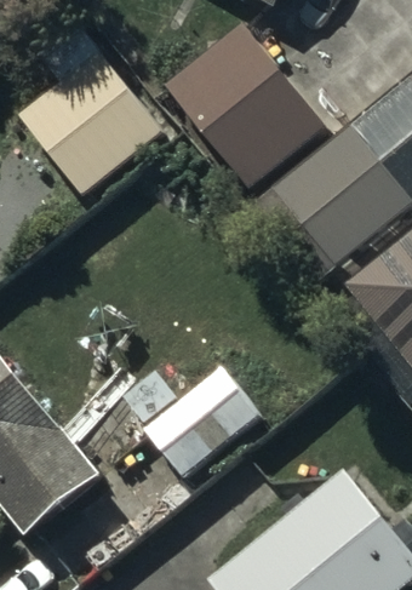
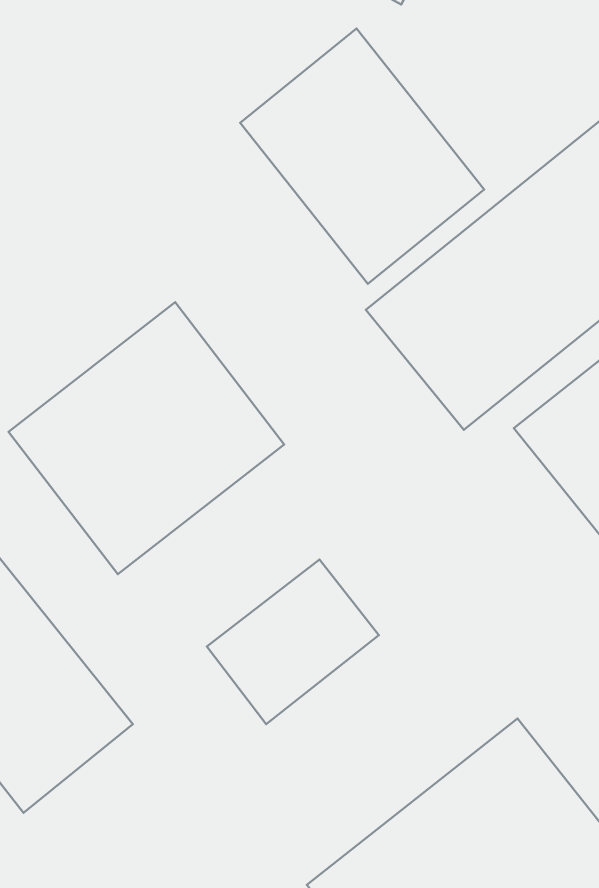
building: [16,15,162,195] -> none
building: none -> [9,302,284,574]

